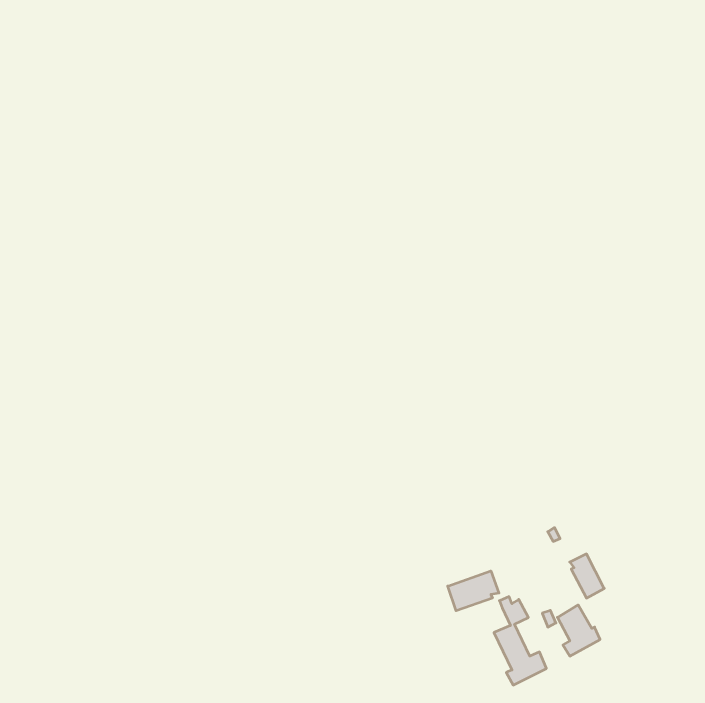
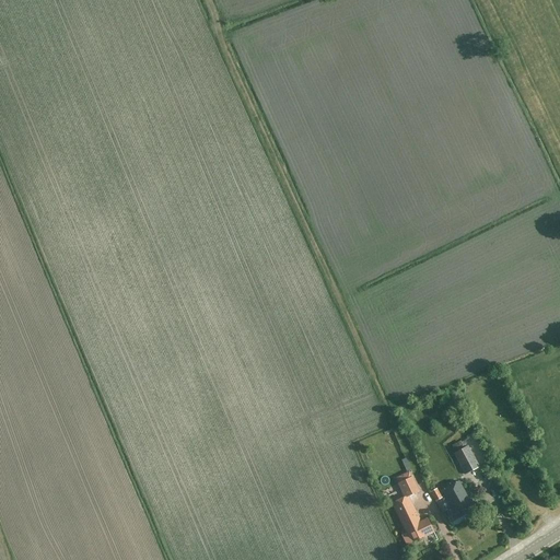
building: [448,571,499,611] -> none

